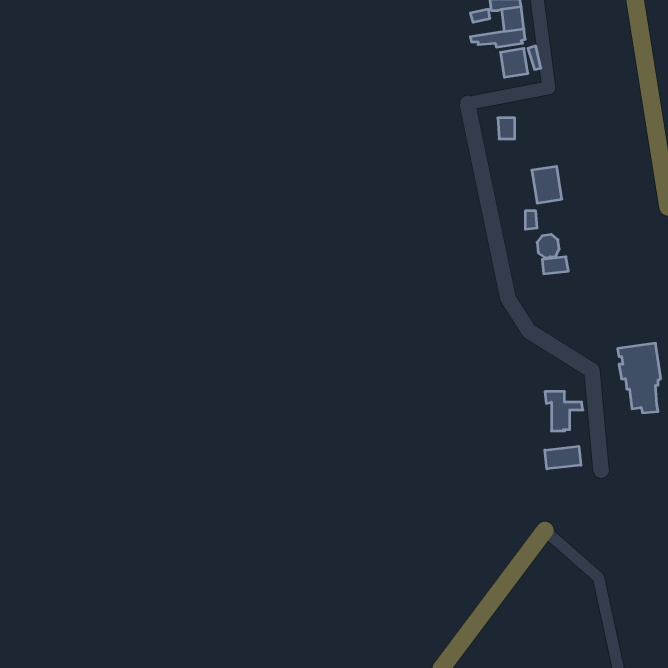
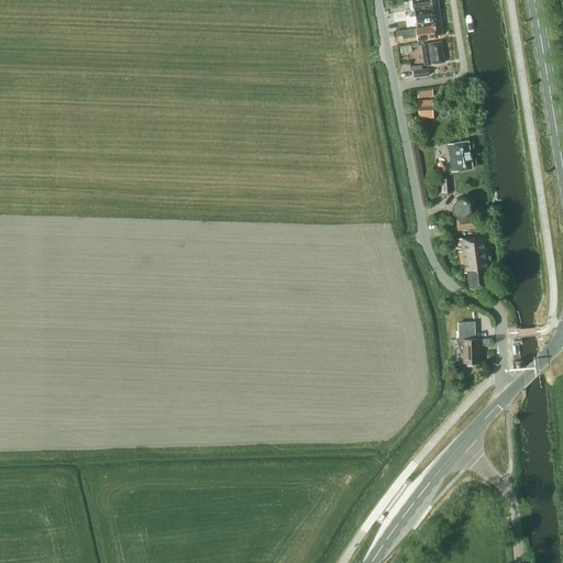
building: [618,343,661,413] -> [456,233,493,291]
building: [545,446,581,469] -> none

